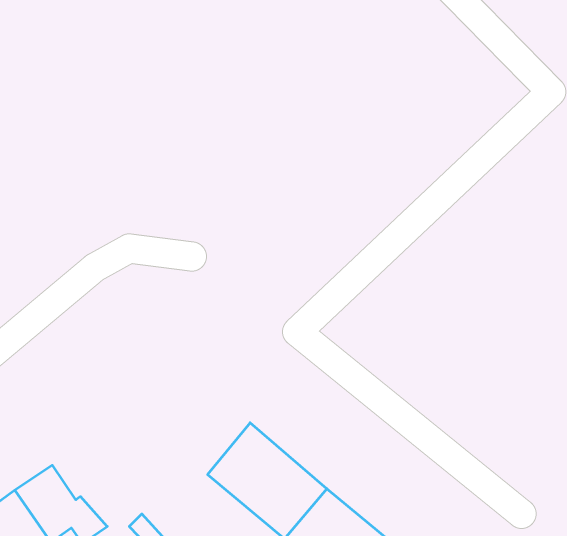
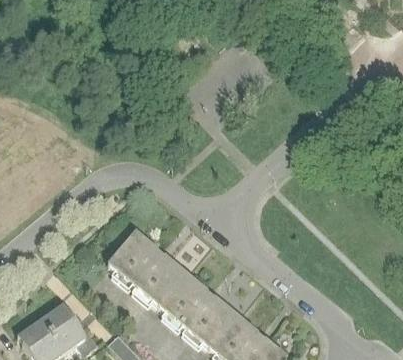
building: none -> [108,232,189,310]

